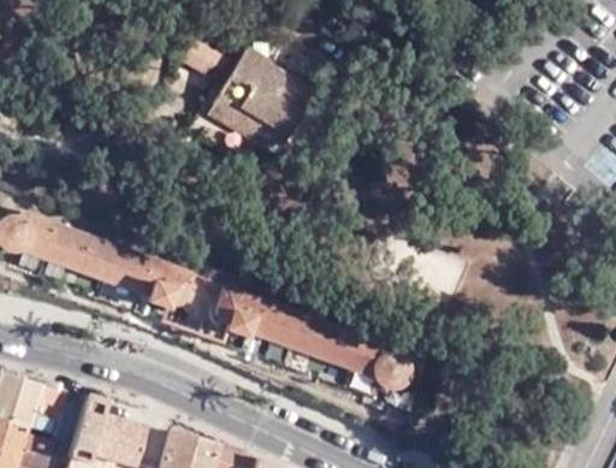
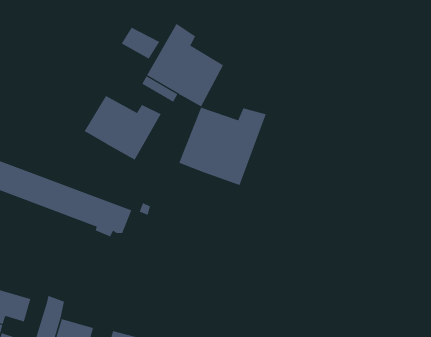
building: none -> [84,95,161,160]
building: none -> [178,107,267,186]
building: [217,285,408,389] -> none

